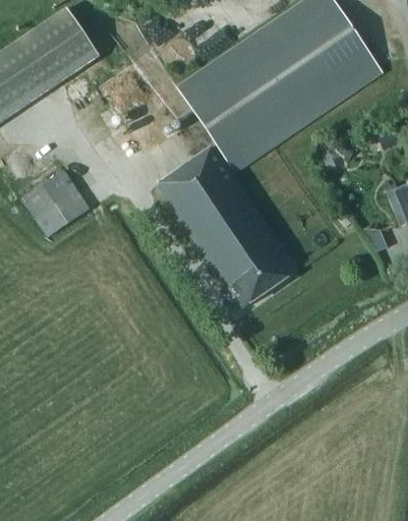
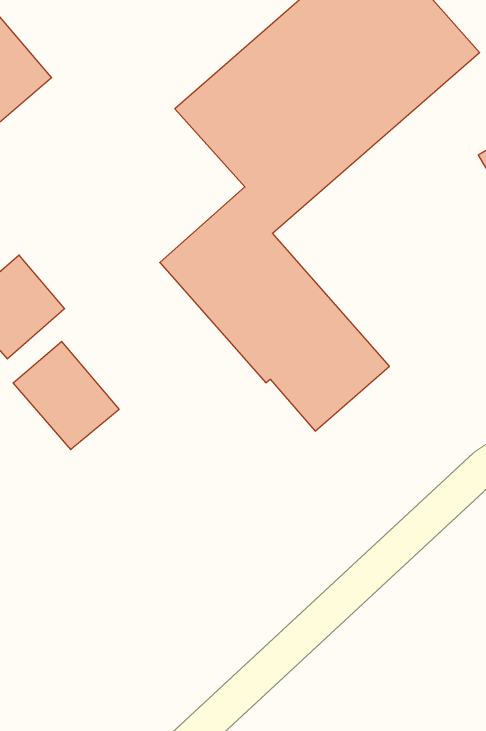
building: none -> [13,341,119,450]

